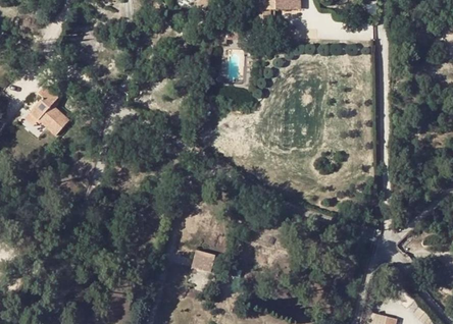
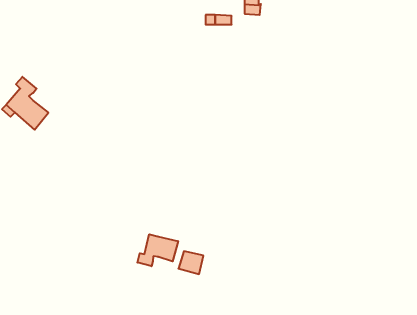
building: none -> [137,234,178,266]

